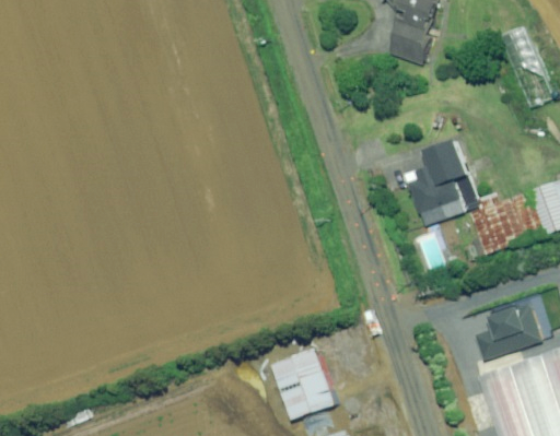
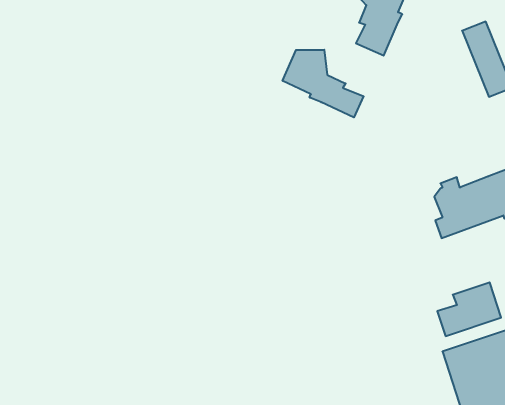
building: none -> [283,50,364,117]
building: [407,140,479,224] -> none
building: [276,349,338,419] -> none

